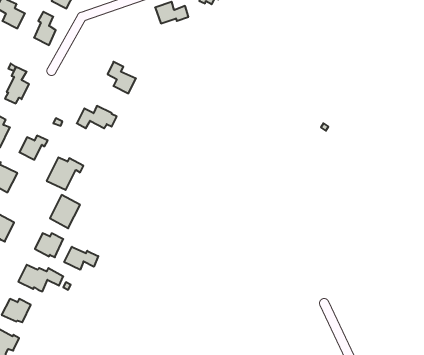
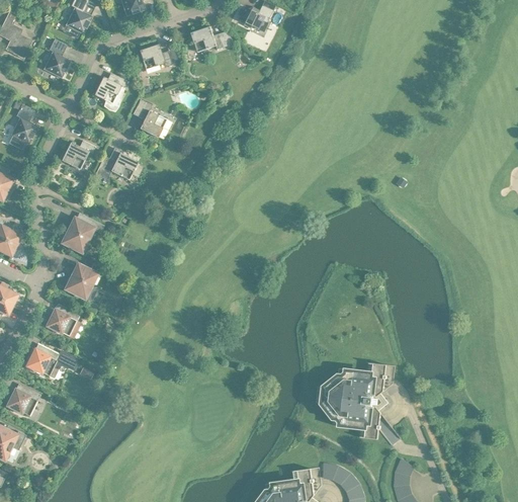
building: none -> [139,45,172,70]
building: none -> [94,73,127,111]
building: [19,136,48,160] -> [61,141,95,170]
building: [64,247,98,270] -> none
building: none -> [316,362,395,439]

